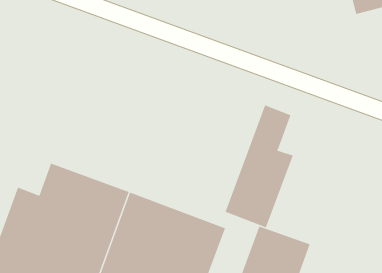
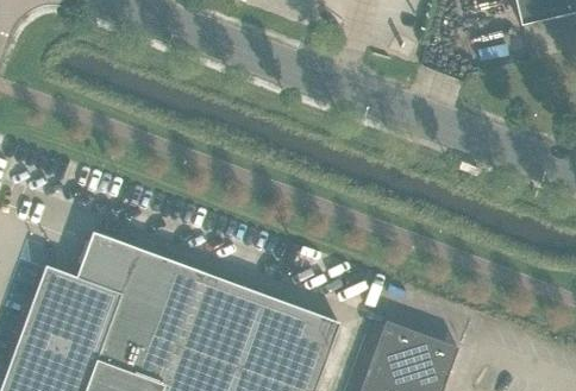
building: [225,105,294,228] -> none

